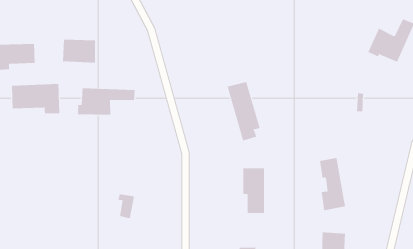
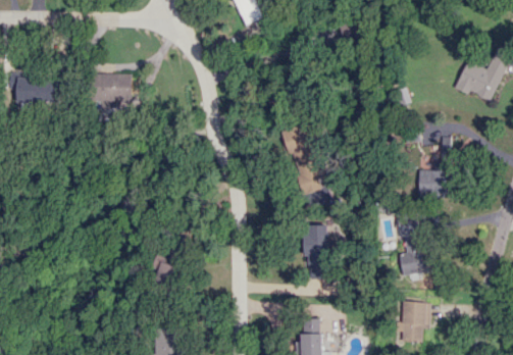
building: [12,83,60,114] -> none
building: [78,88,135,116] -> none
building: none -> [416,162,447,200]

